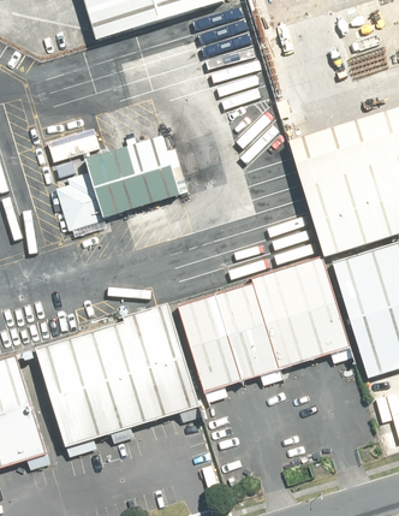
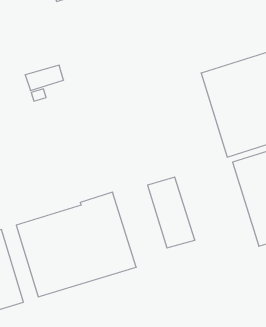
building: [55,136,187,237] -> none
building: [251,256,350,369] -> none
building: [178,293,242,392] -> none

